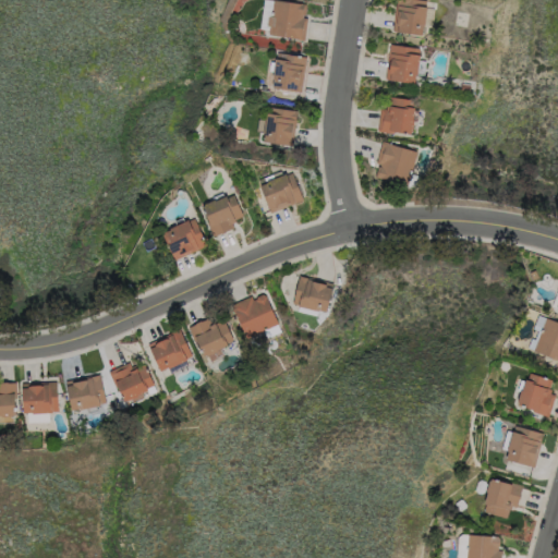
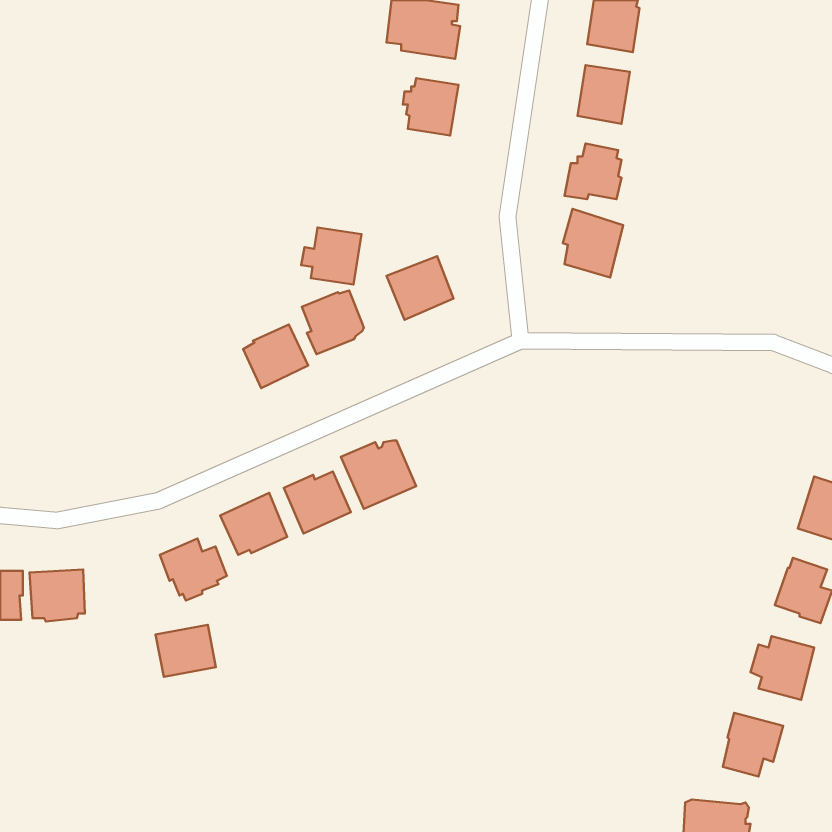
building: [257,107,298,145] -> [301,228,362,285]
building: [293,277,335,313] -> none
building: [65,376,106,411] -> [156,625,216,677]

